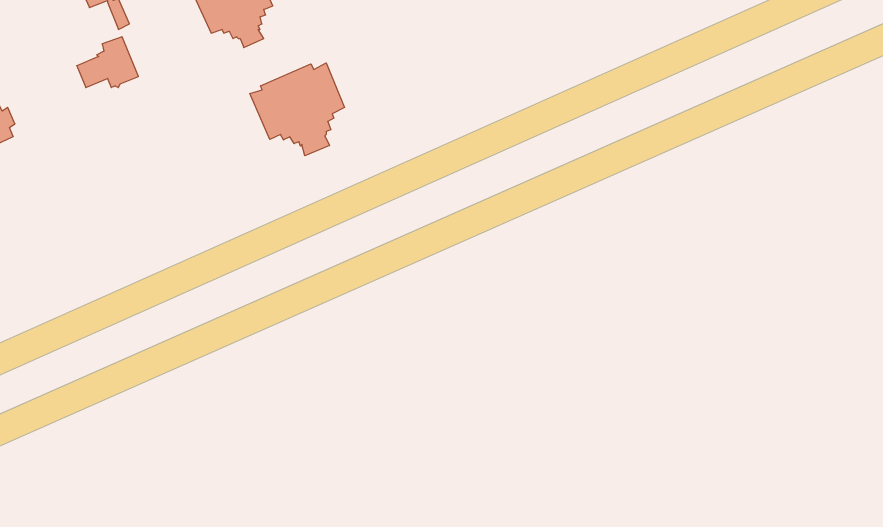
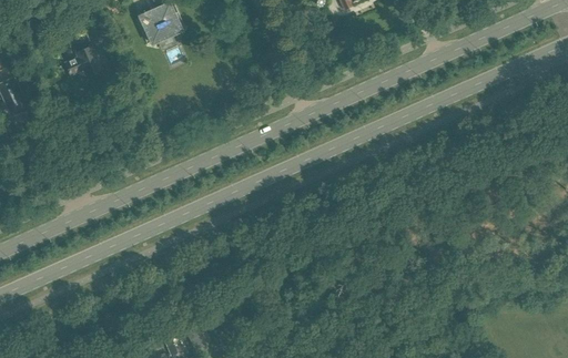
building: [250,63,344,156] -> none

